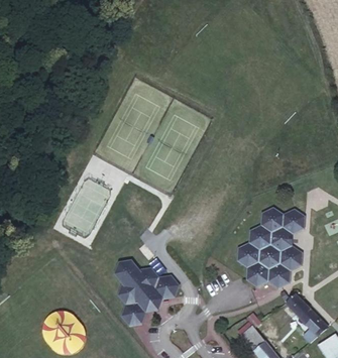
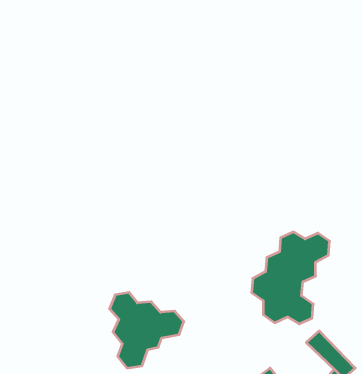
building: [280,246,303,270] -> none

